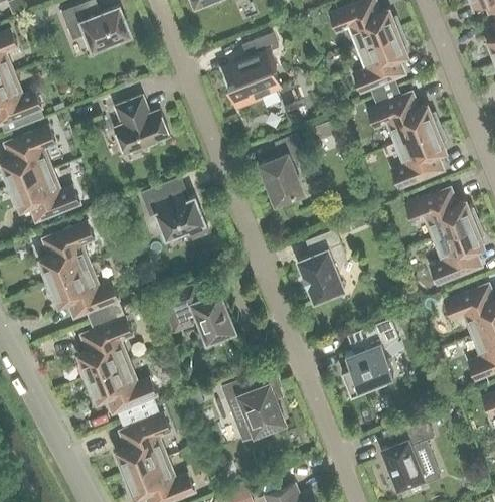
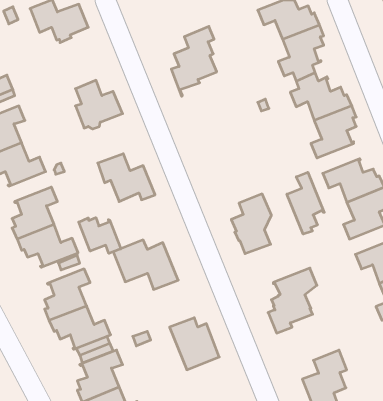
building: [260,135,305,205] -> none
building: none -> [287,172,324,234]
building: none -> [79,218,121,253]

